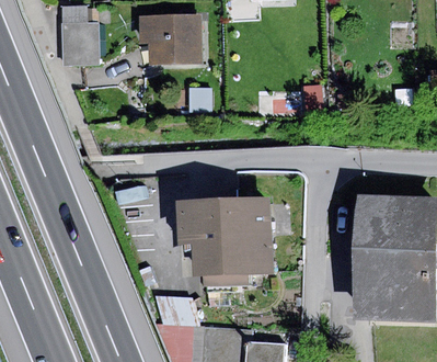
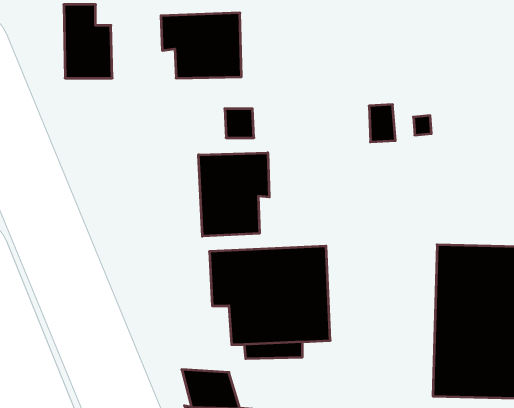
building: none -> [199,153,269,236]

